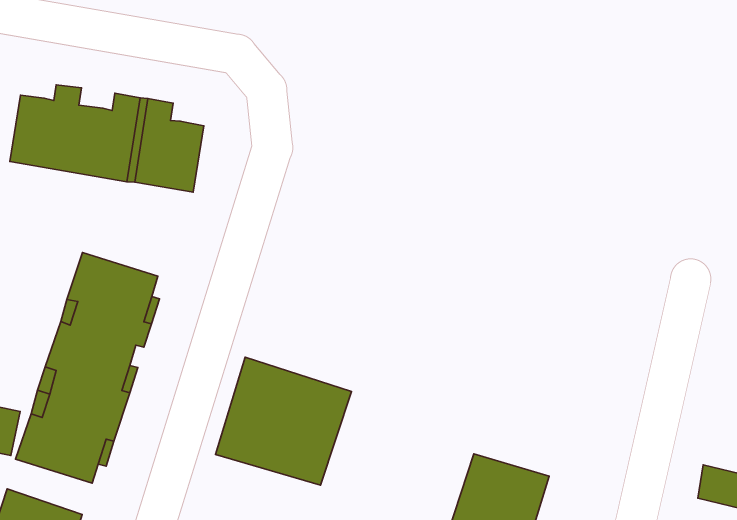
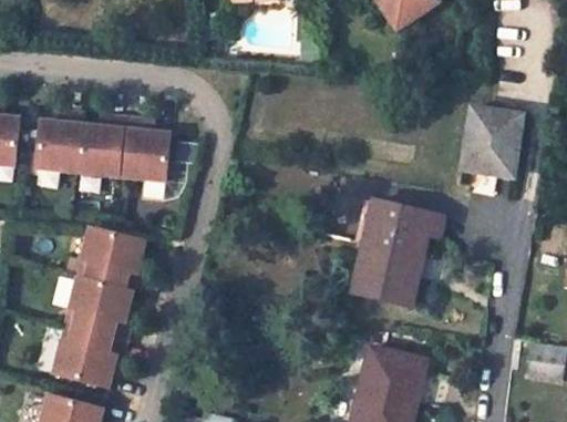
building: none -> [461,107,518,177]
building: none -> [351,202,439,306]
building: [216,357,352,485] -> none

